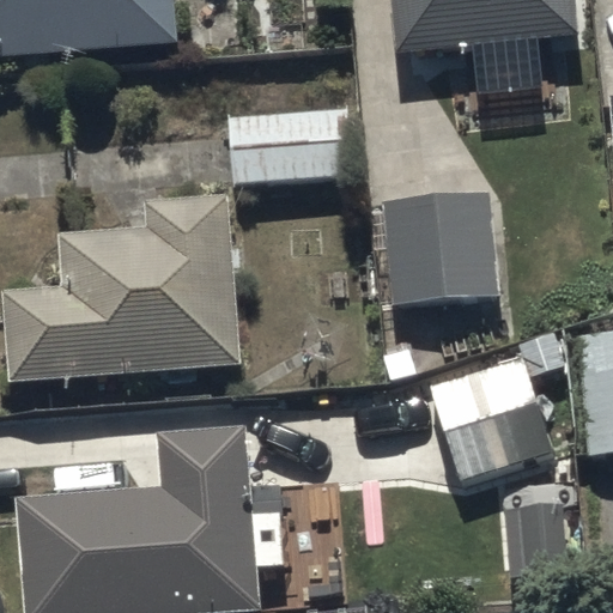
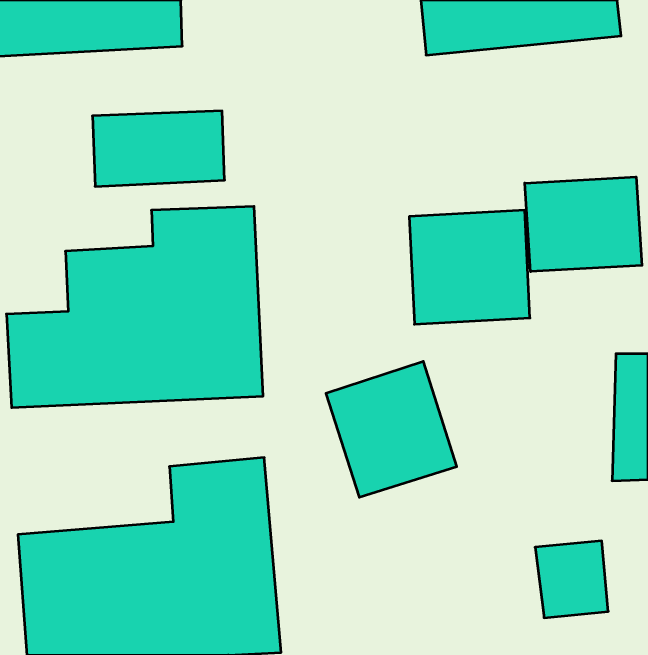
building: [226,113,350,183] -> [92,111,225,186]
building: none -> [525,177,642,272]
building: [426,357,548,484] -> [326,361,457,497]

